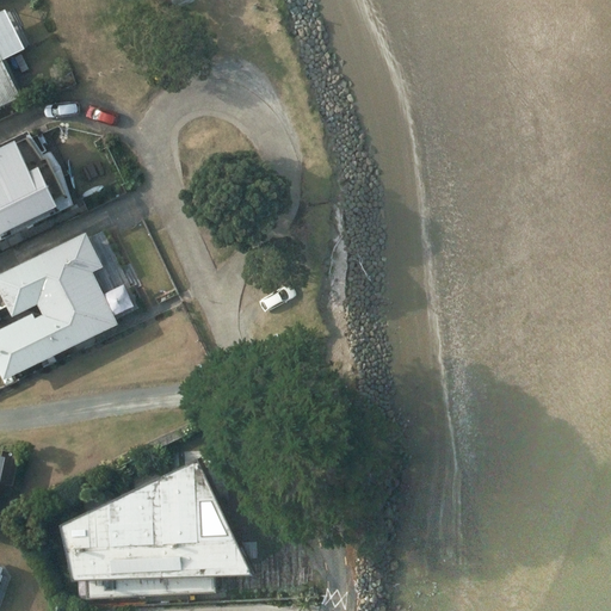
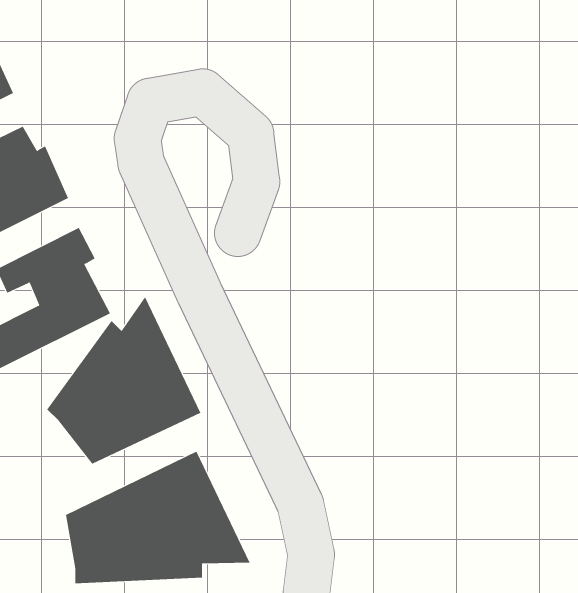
building: none -> [46,296,201,464]

